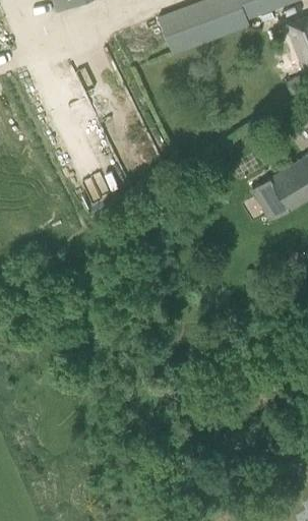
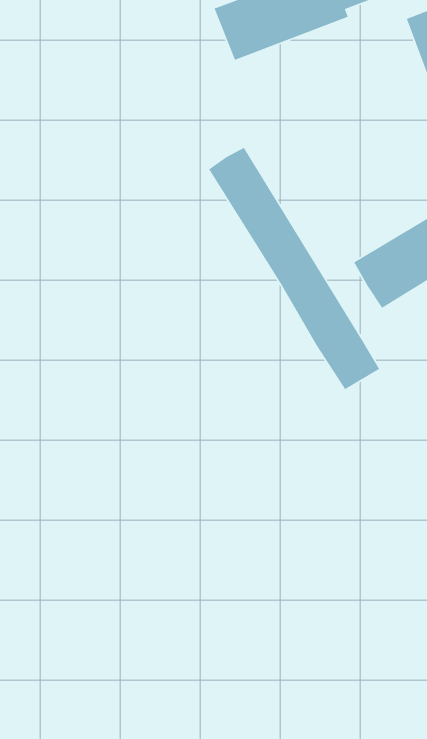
building: none -> [208,147,380,390]

